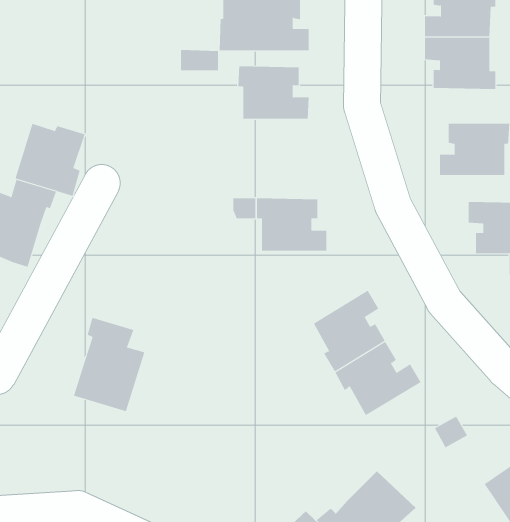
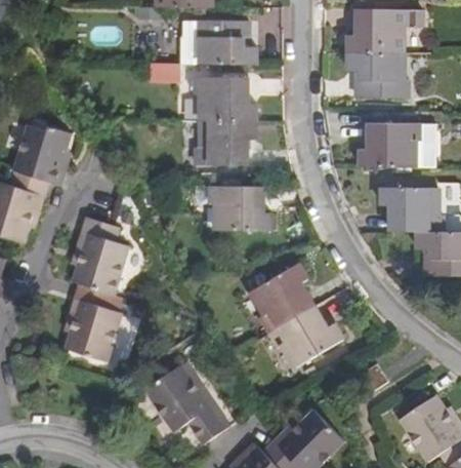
building: none -> [195,120,254,163]
building: none -> [68,216,128,295]
building: none -> [143,363,228,442]

